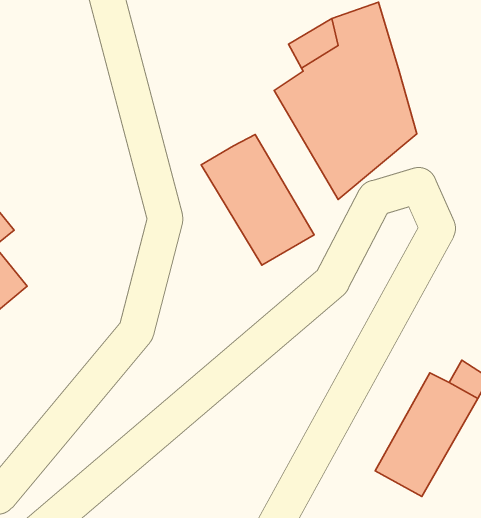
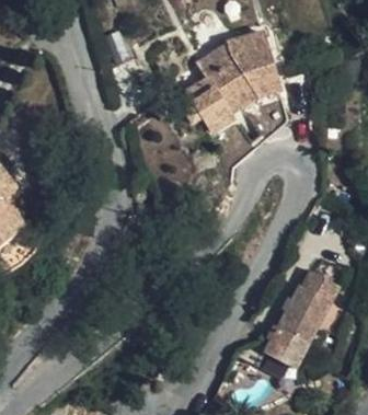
building: [201,134,314,265] -> none

